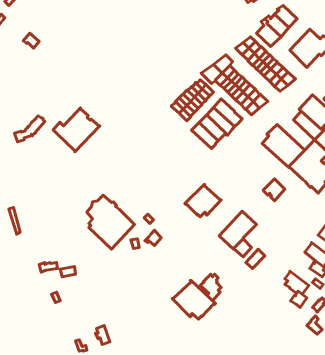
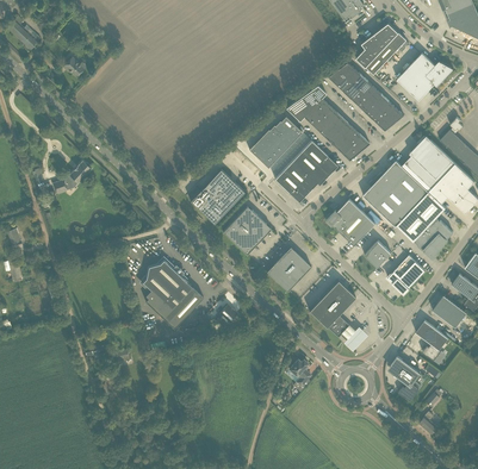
building: [53,108,100,152] -> [186,169,244,224]
building: none -> [381,161,428,205]
building: none -> [325,199,375,246]
building: none -> [223,206,271,255]
building: none -> [387,256,424,293]
building: [172,281,215,319] -> none

